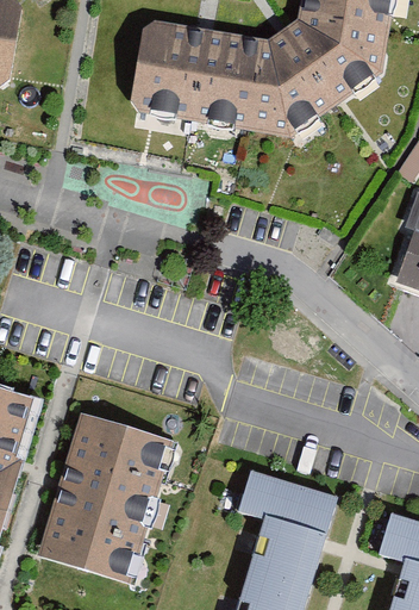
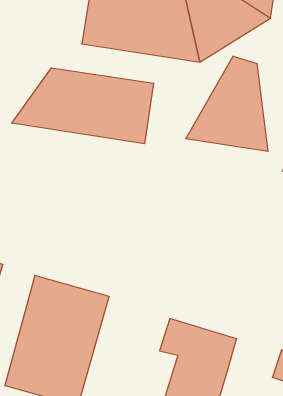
building: none -> [186,56,268,151]
building: none -> [12,68,154,144]

